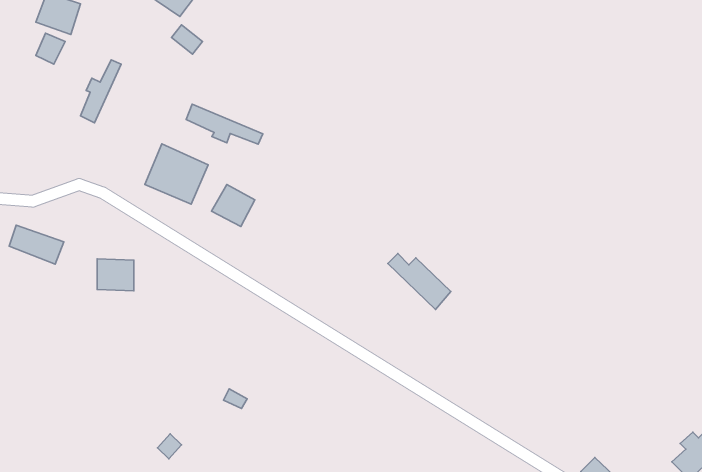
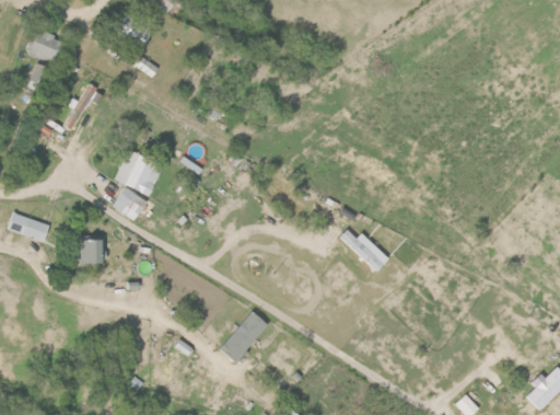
building: [186,104,263,144] -> none
building: [211,184,255,226] -> [112,186,145,219]
building: [388,254,451,310] -> [340,230,389,274]
building: none -> [220,310,267,365]

